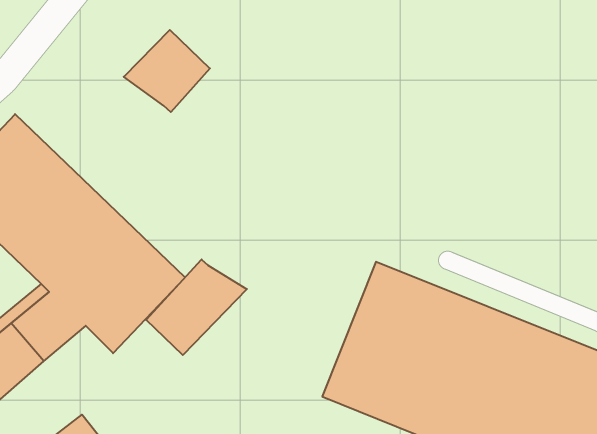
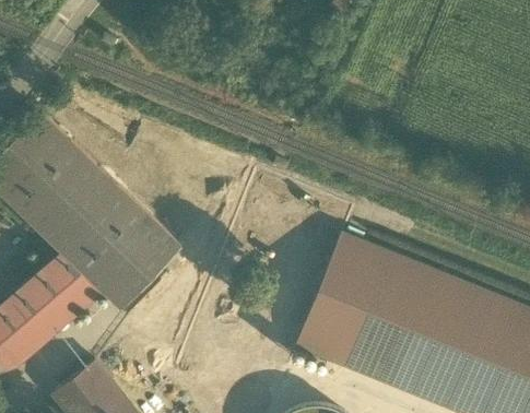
building: [124,30,210,112] -> none
building: [146,259,247,355] -> none

